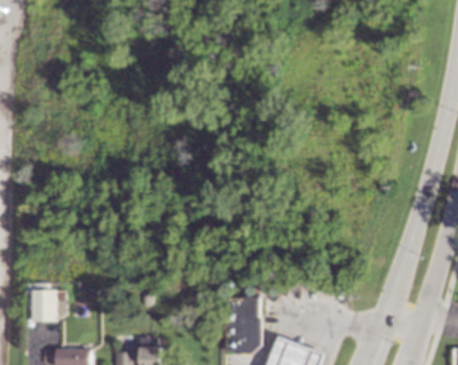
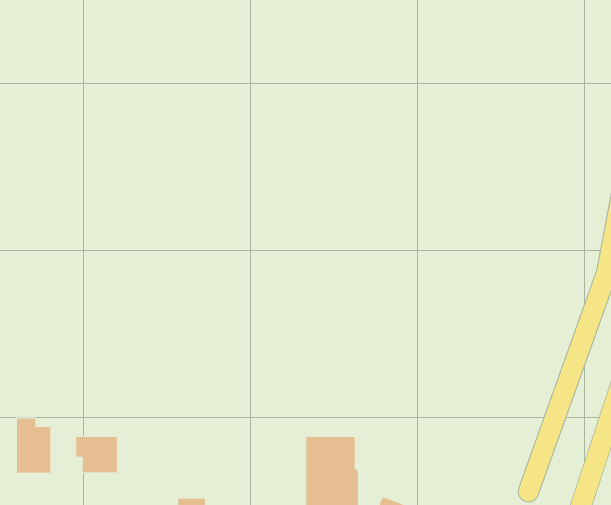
building: none -> [76,436,117,473]

